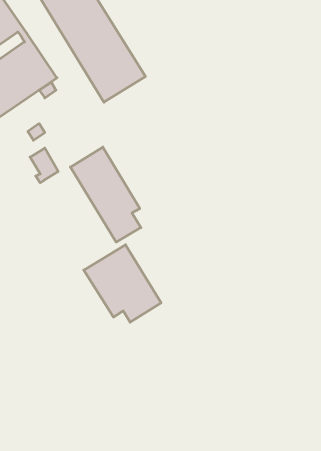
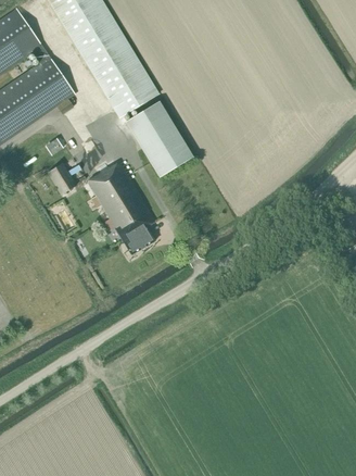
building: none -> [127,100,193,175]
building: [84,245,161,322] -> none

